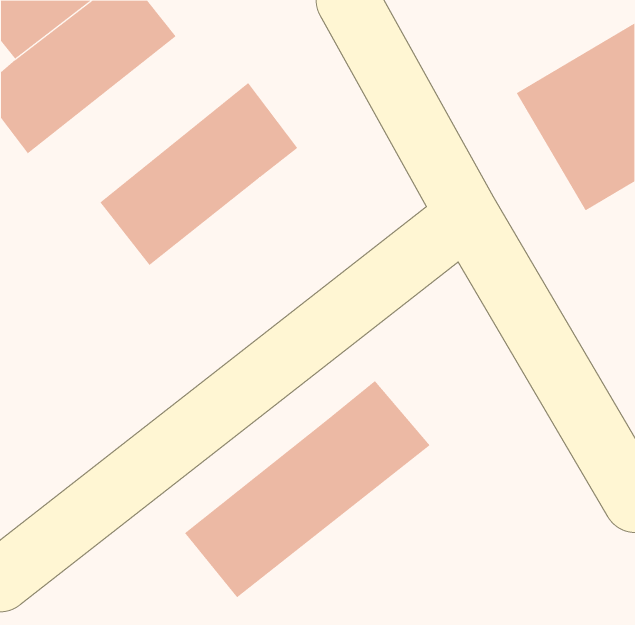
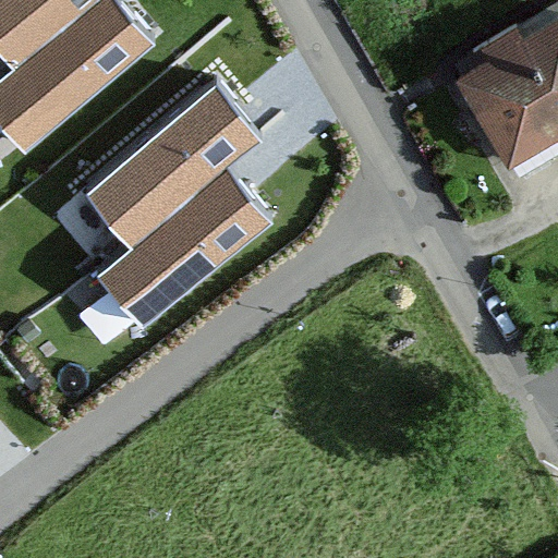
building: none -> [98,165,272,325]
building: [184,380,431,598] -> none

